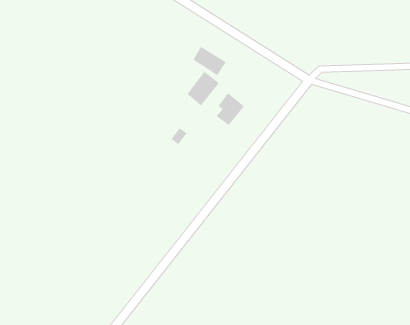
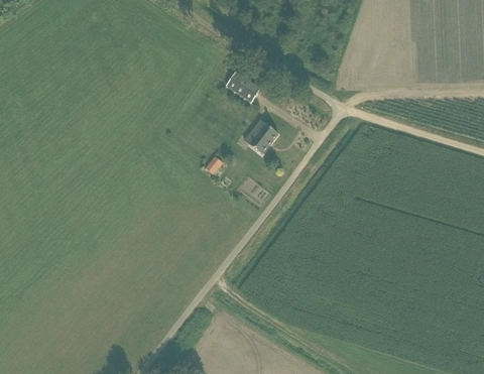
building: [186,71,220,106] -> none

